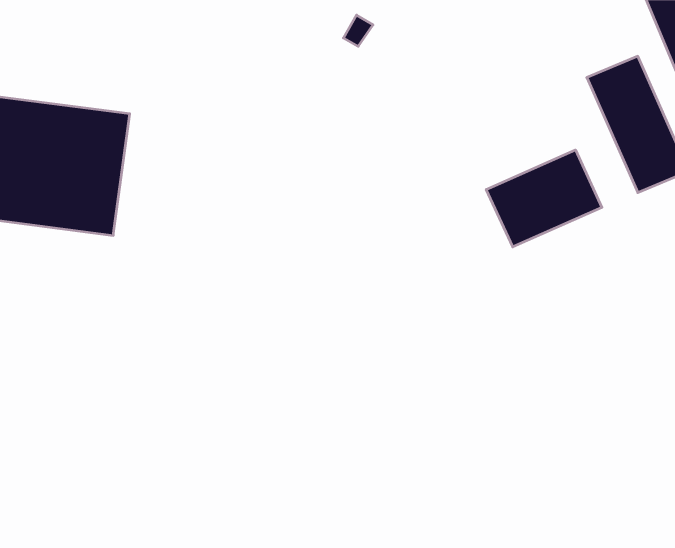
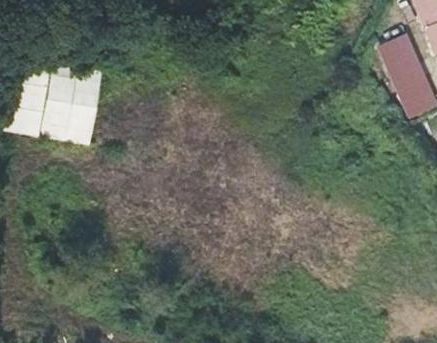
building: [486,150,602,247] -> none

